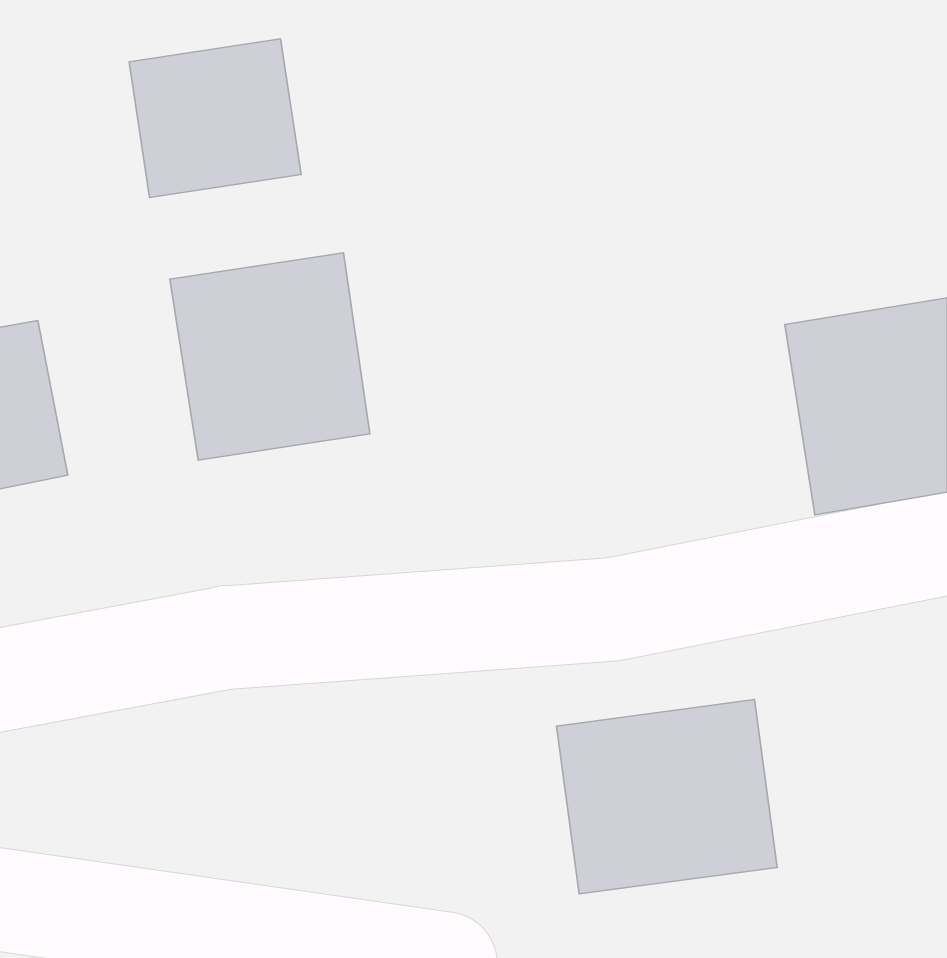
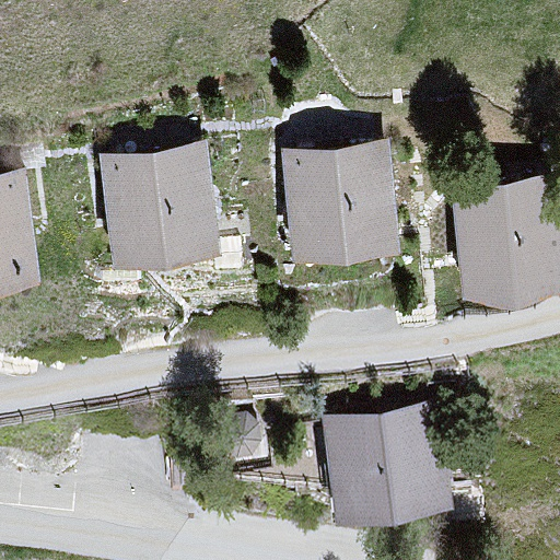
building: [129,39,301,198] -> none
building: none -> [283,147,397,260]

